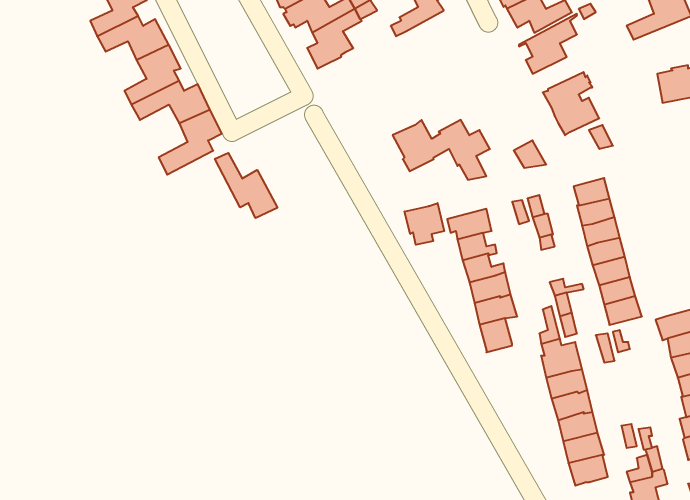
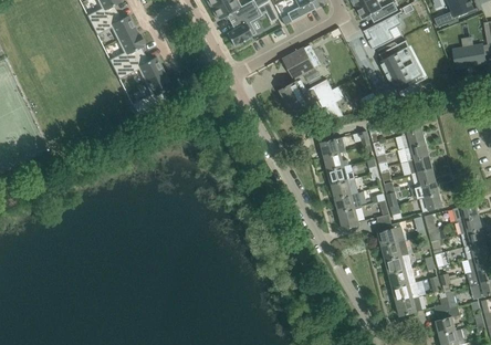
building: none -> [284,45,321,79]
building: [215,153,277,218] -> none
building: [405,203,444,245] -> none

